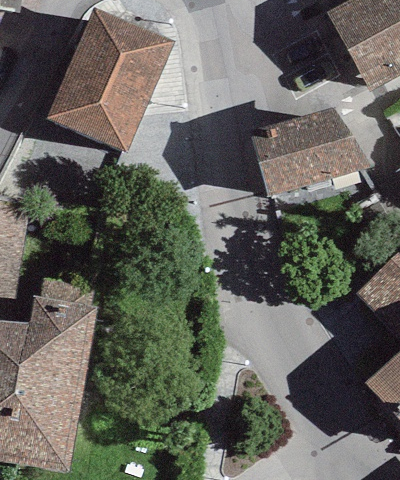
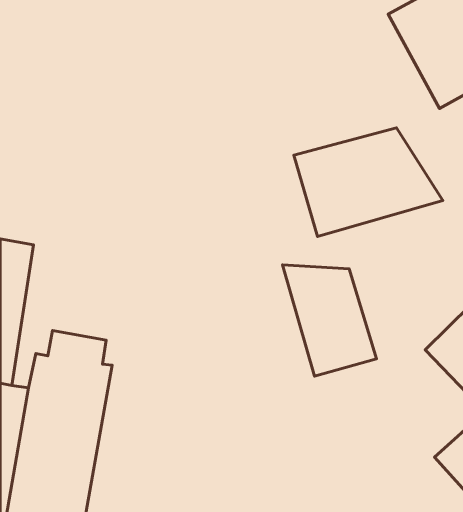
building: [44,8,174,155] -> none
building: none -> [283,265,376,376]

